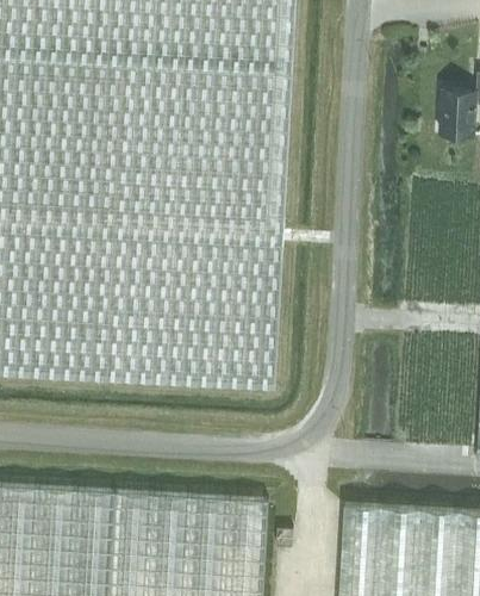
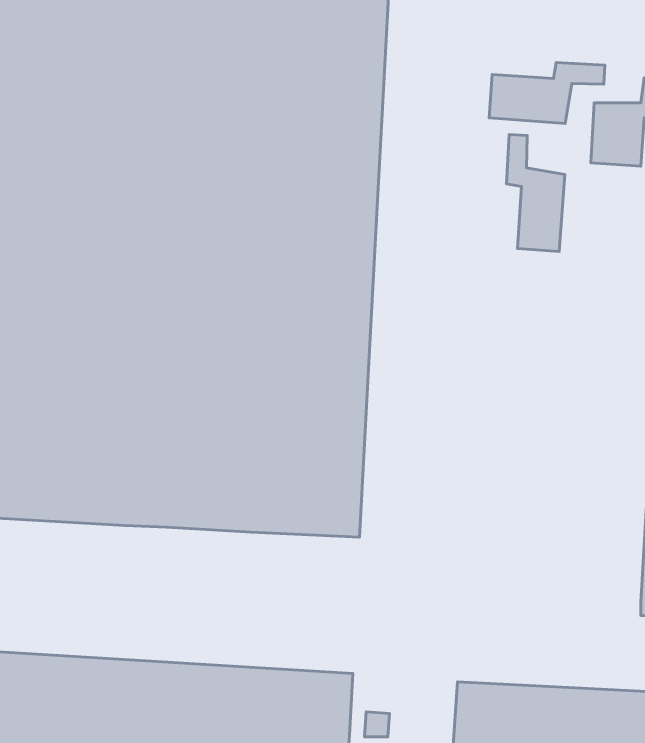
building: none -> [489,63,605,124]
building: none -> [506,135,565,251]

